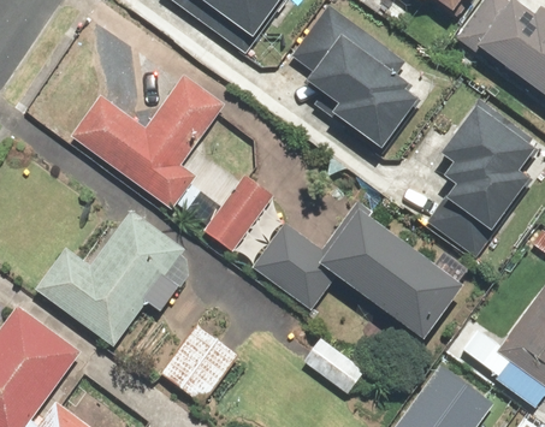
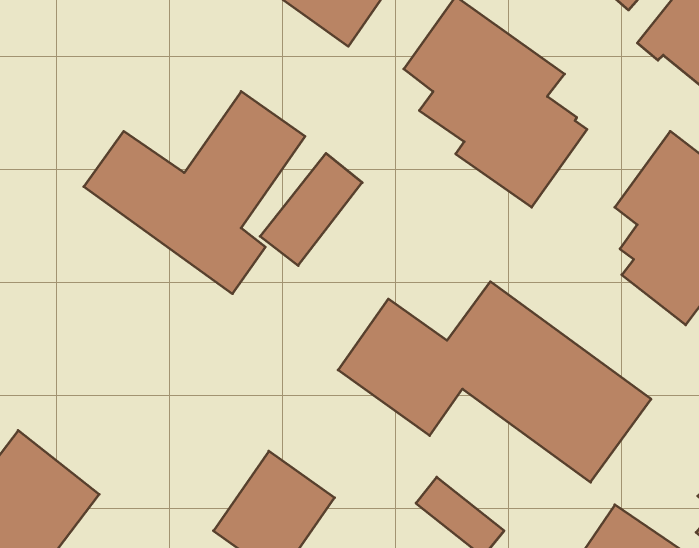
building: [202,172,273,250] -> [260,153,362,266]
building: [35,208,202,345] -> none

